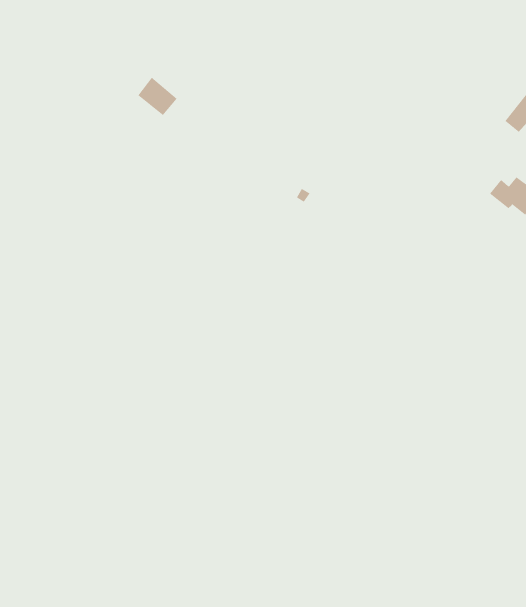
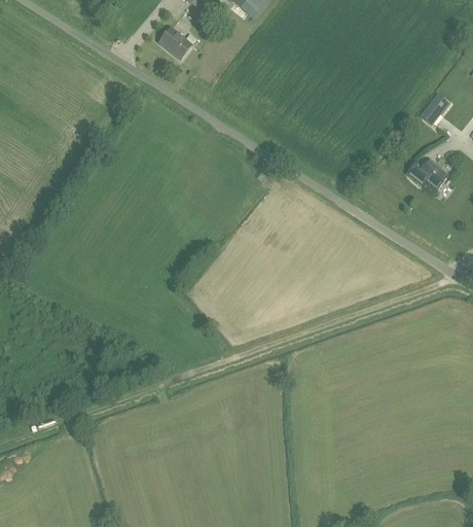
building: [137,77,178,116] -> [160,27,192,58]

